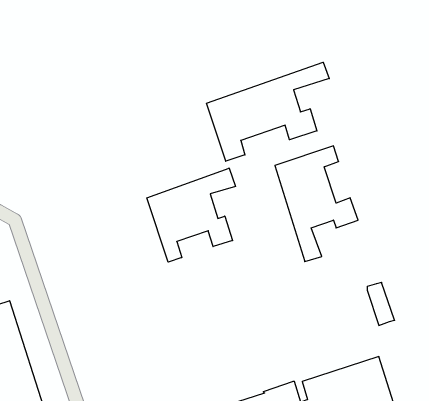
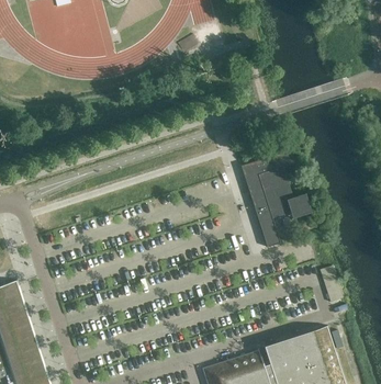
building: [206,62,329,161] -> none
building: [147,168,236,262] -> none

